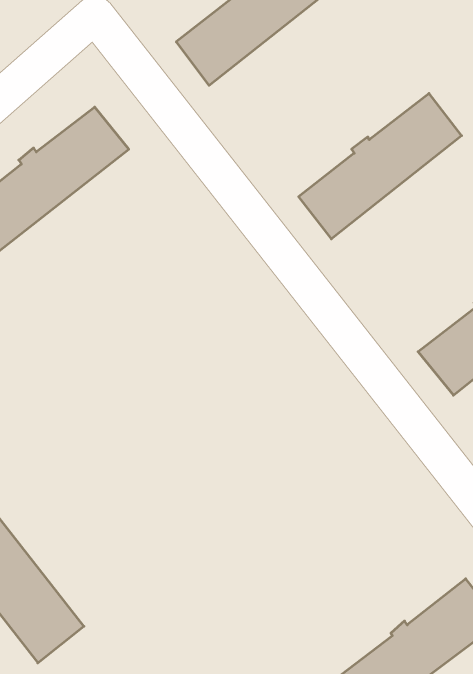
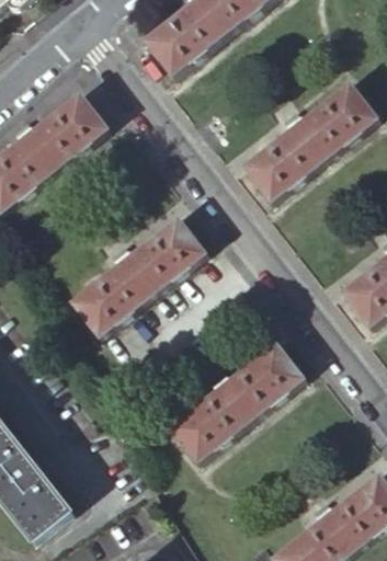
building: none -> [73,218,204,334]
building: none -> [171,343,304,460]

